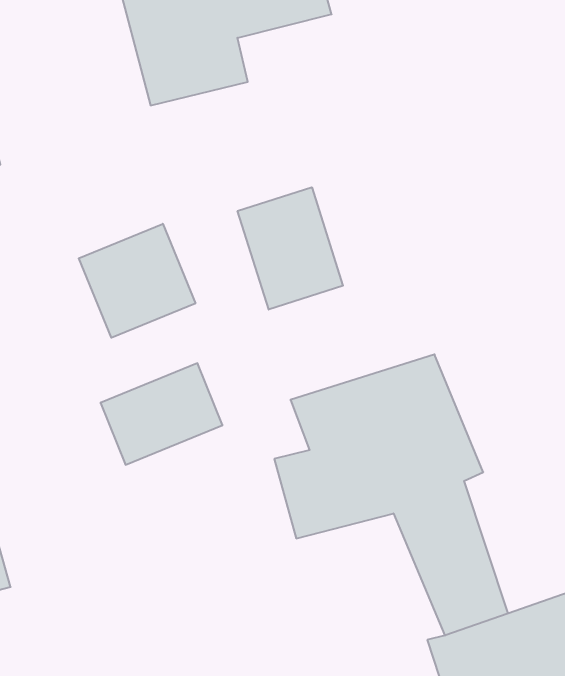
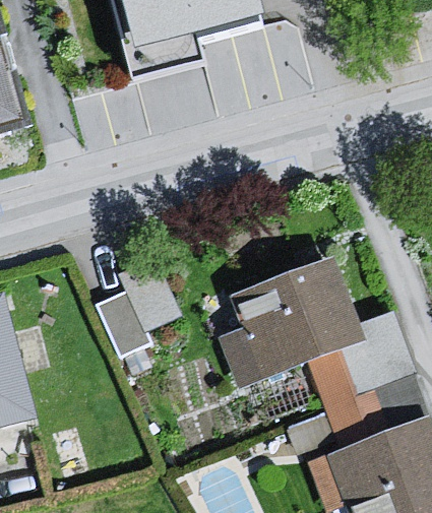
building: [238,187,343,310] -> none
building: [79,224,195,338] -> none

